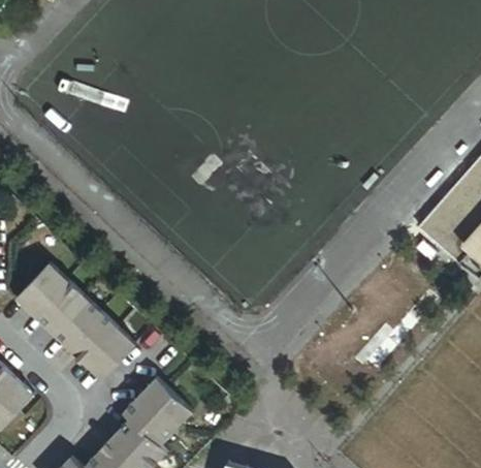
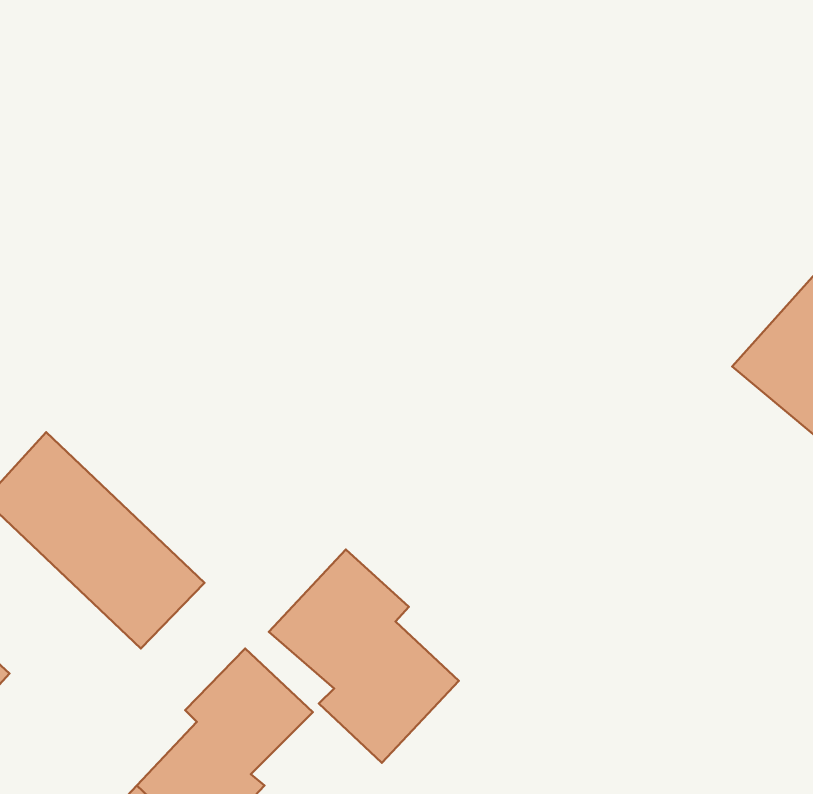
building: none -> [269,550,459,763]

